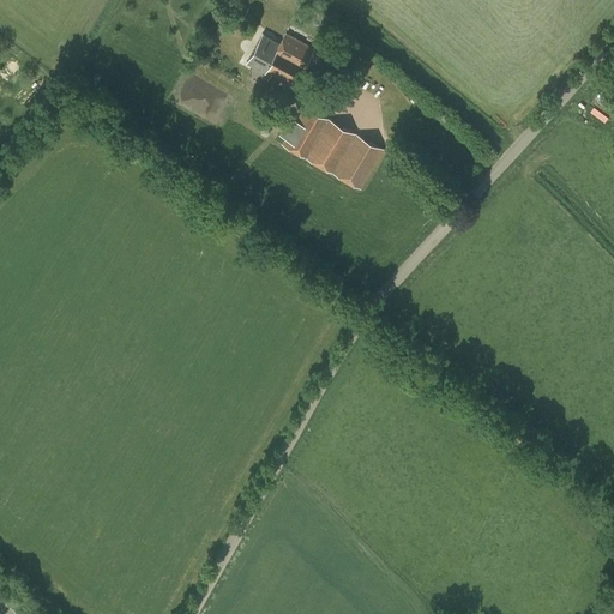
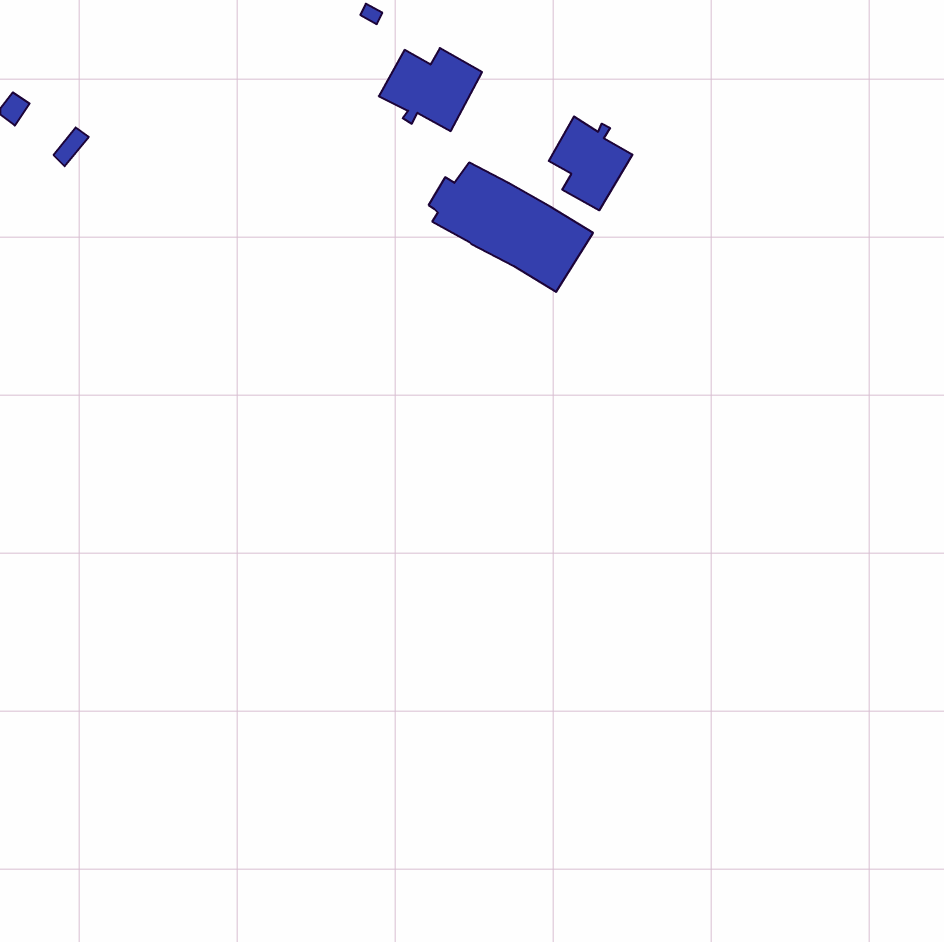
building: none -> [549,116,632,210]

